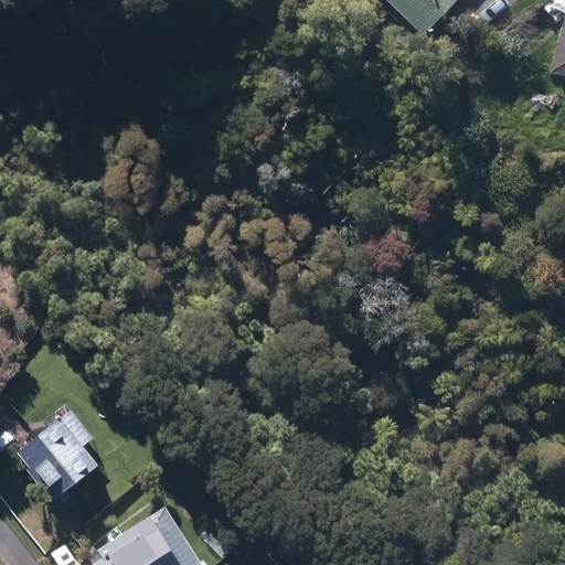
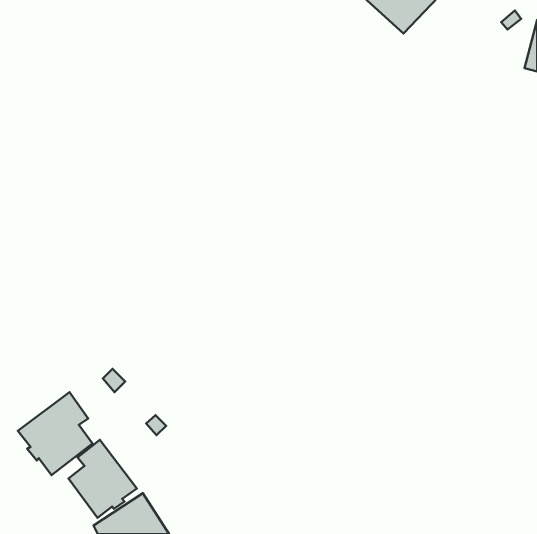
building: none -> [68,440,137,518]

